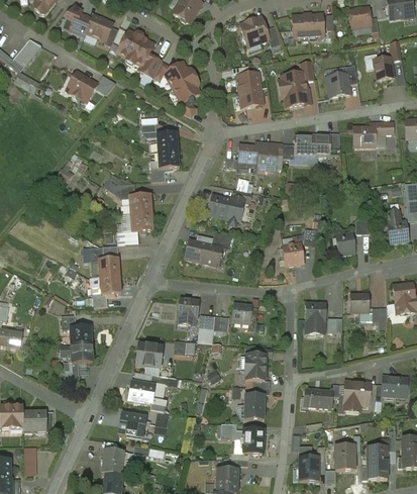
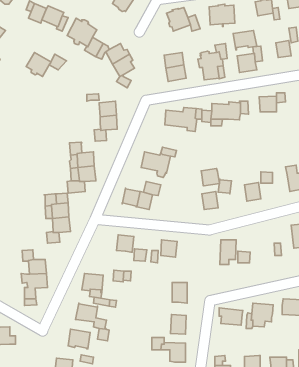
building: none -> [233,30,257,50]
building: none -> [201,169,219,186]
building: [349,292,369,312] -> none

